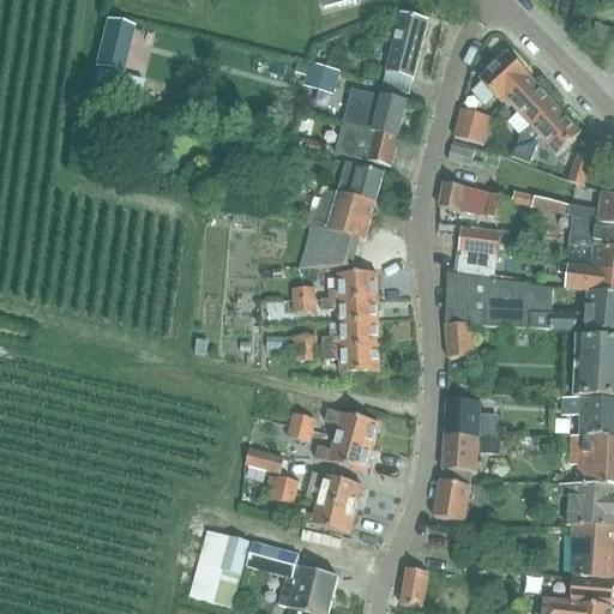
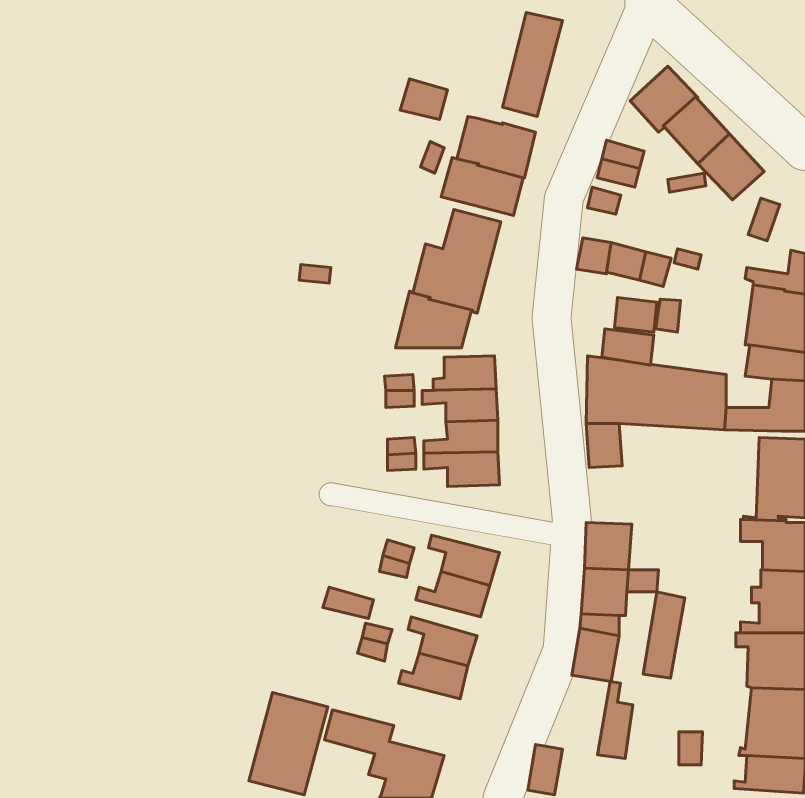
building: [96,16,133,70] -> none
building: none -> [643,592,685,678]
building: none -> [597,681,633,758]

